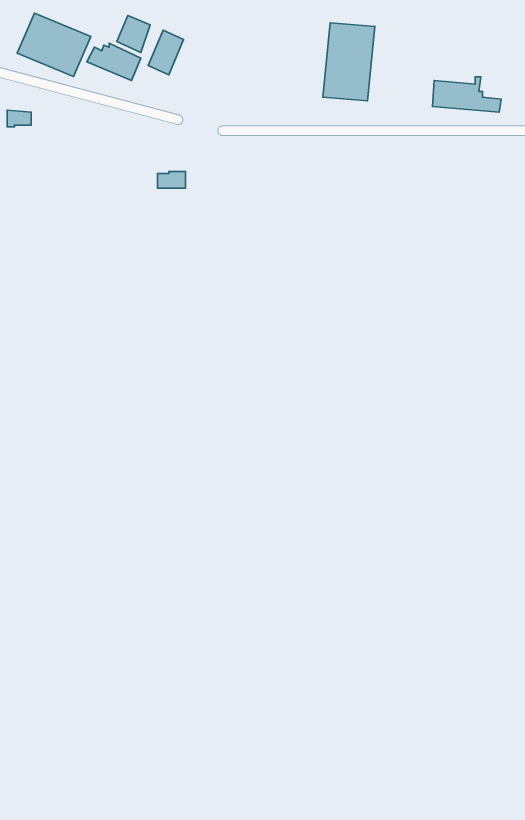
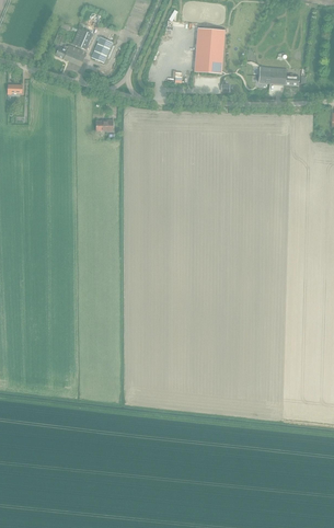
building: [17,13,91,77] -> none

